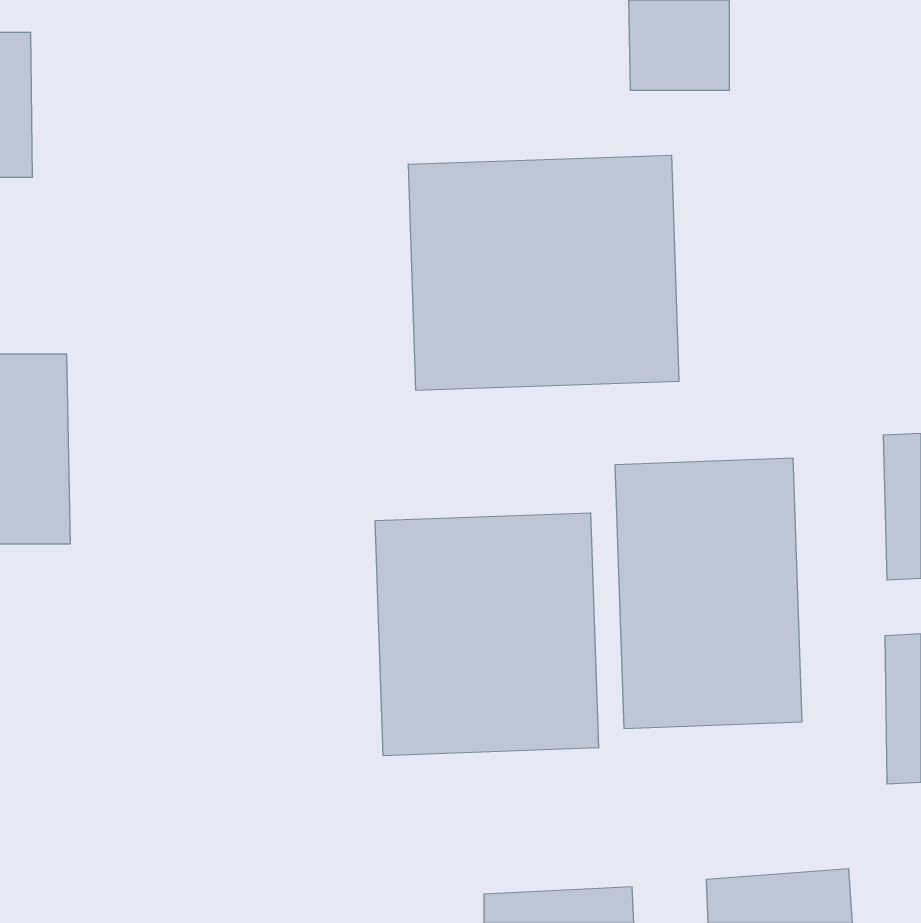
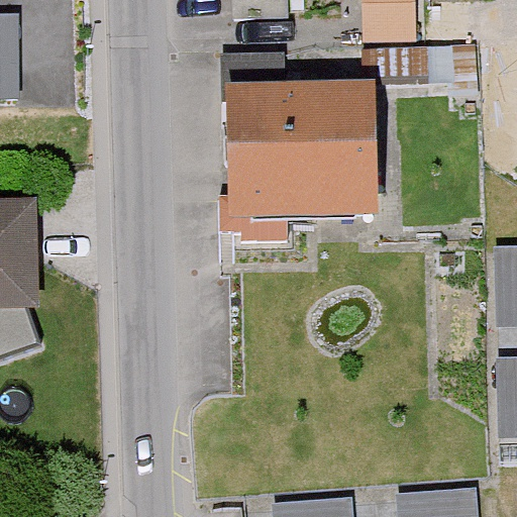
building: [615,458,802,729] -> none
building: [375,513,598,756] -> none

